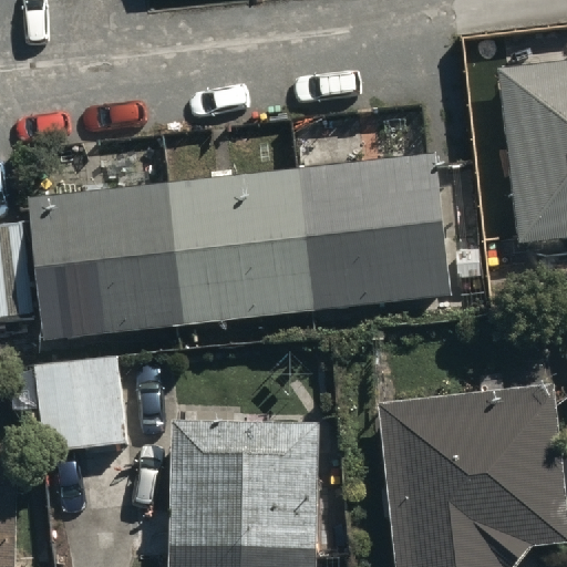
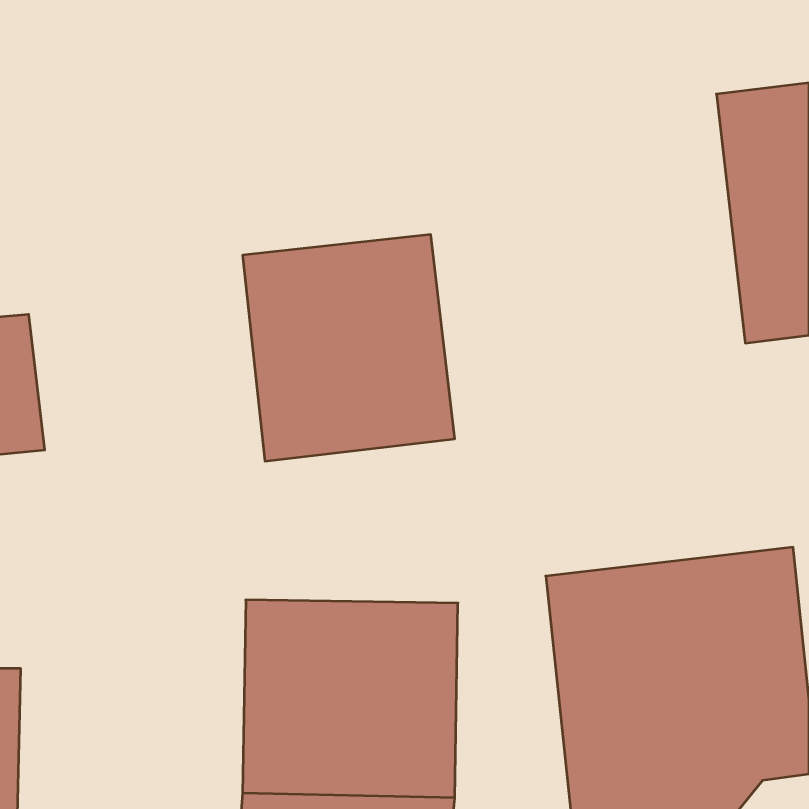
building: [299,152,451,309] -> none
building: [28,182,184,340] -> none
building: [31,358,126,454] -> none

